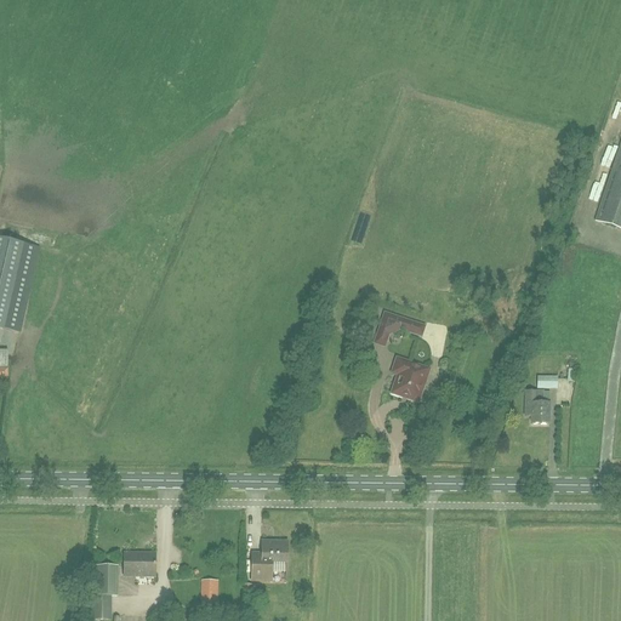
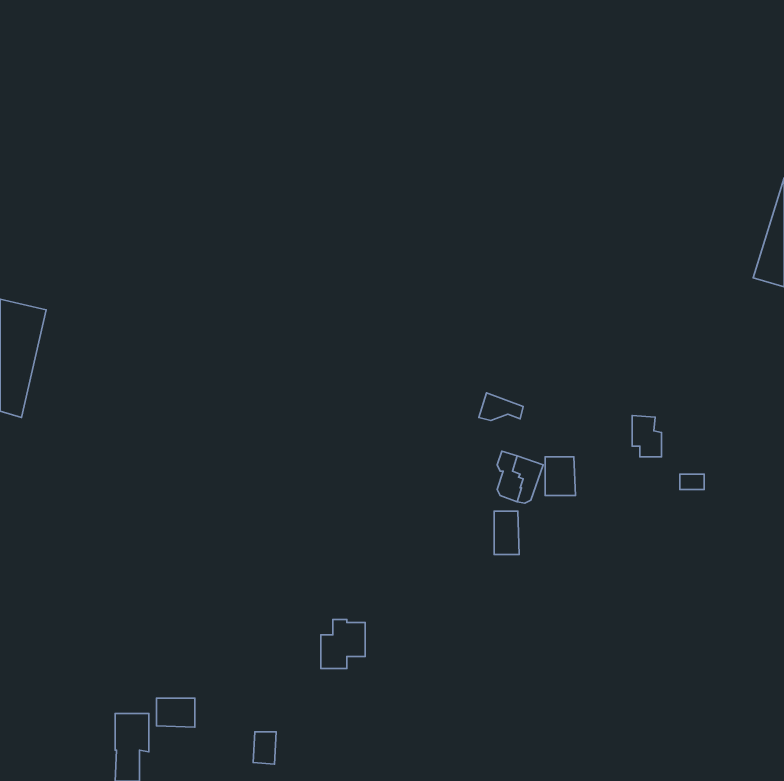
building: none -> [545,457,575,496]
building: [525,389,548,422] -> [632,416,661,457]
building: none -> [494,511,519,554]
building: [251,540,286,579] -> [321,620,365,669]

